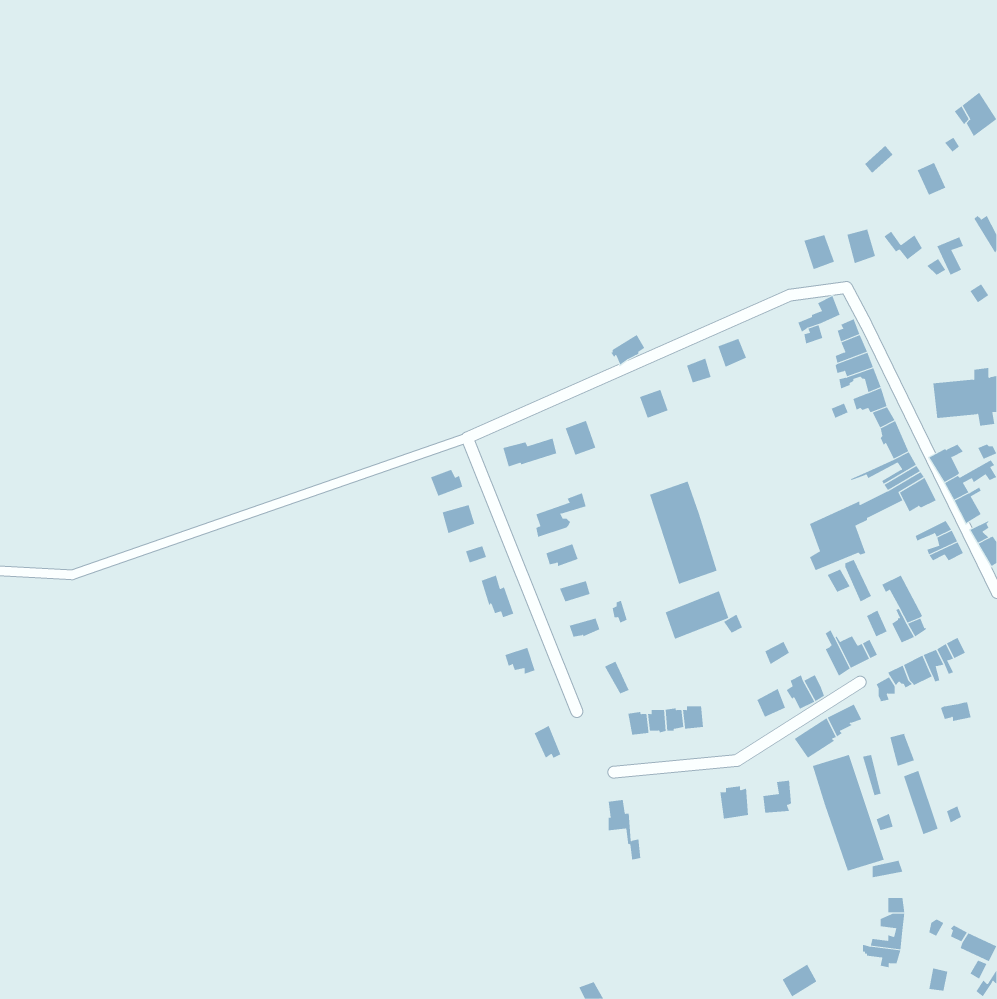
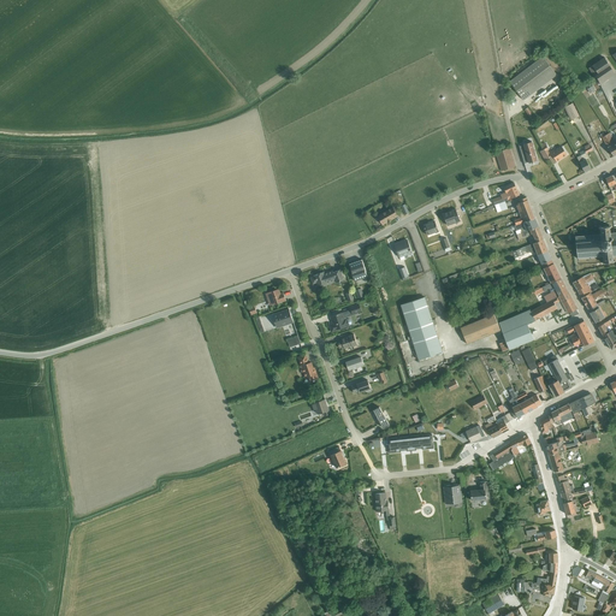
building: none -> [511,58,556,96]
building: [665,591,729,640] -> [460,313,499,343]
building: [812,754,884,871] -> none

